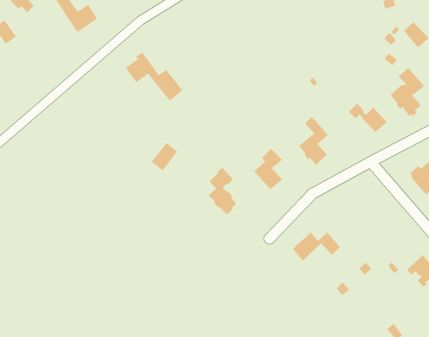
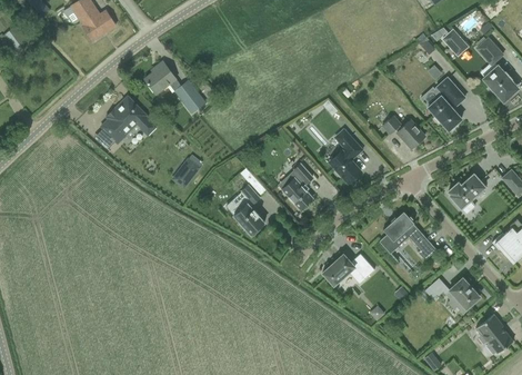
building: none -> [101,97,154,141]
building: none -> [379,210,435,259]

